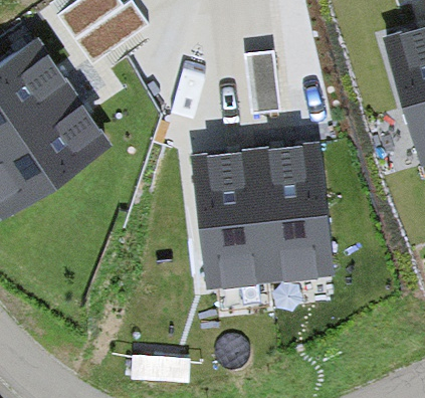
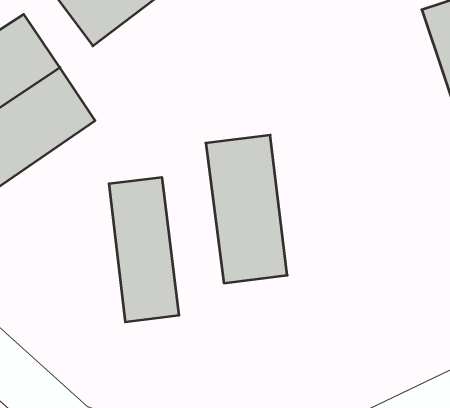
building: [258,145,331,276] -> none
building: none -> [109,177,179,322]

